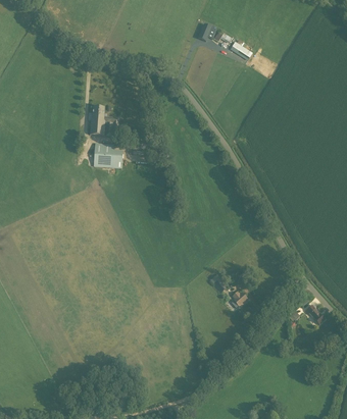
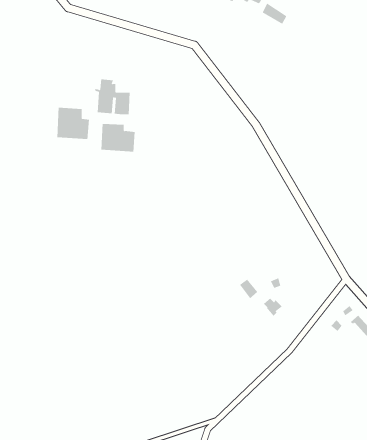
building: none -> [57,107,89,140]

